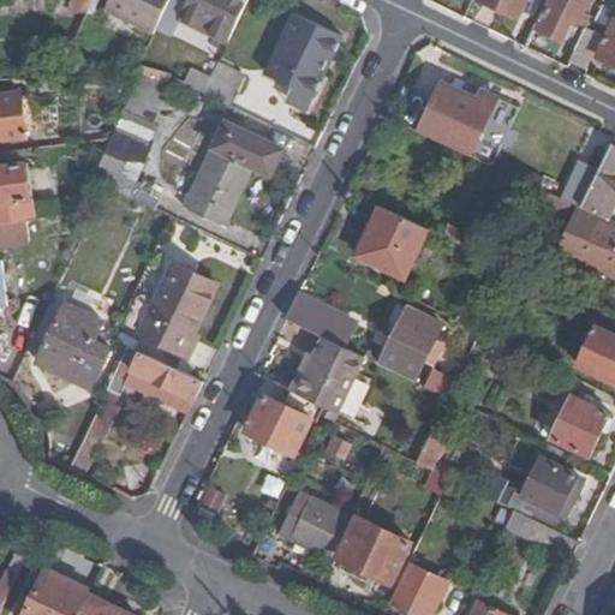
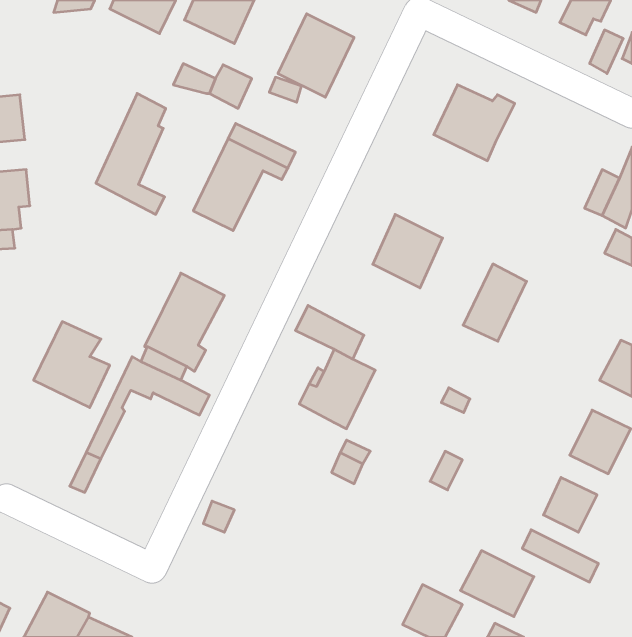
building: [380,306,441,381] -> [463,264,527,341]
building: [245,389,322,455] -> none
building: [285,492,348,556] -> none
building: [338,519,408,583] -> [460,551,534,617]

